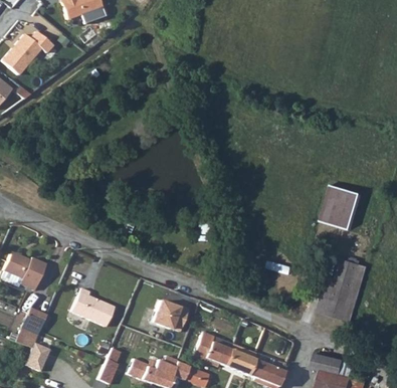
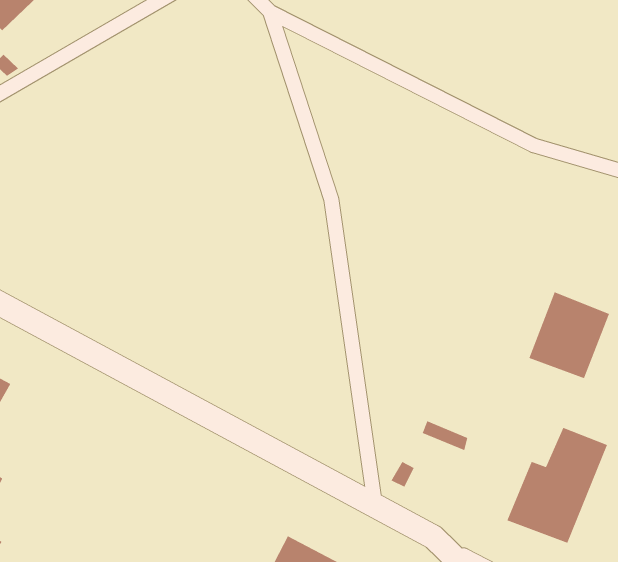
building: [70,286,113,325] -> none
building: [149,301,185,332] -> none

